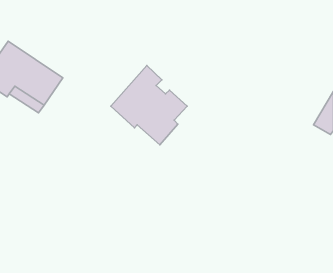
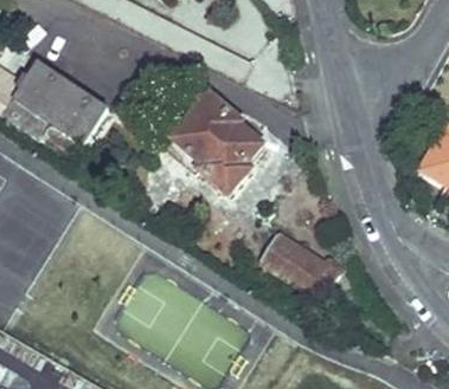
building: none -> [259,231,338,297]

